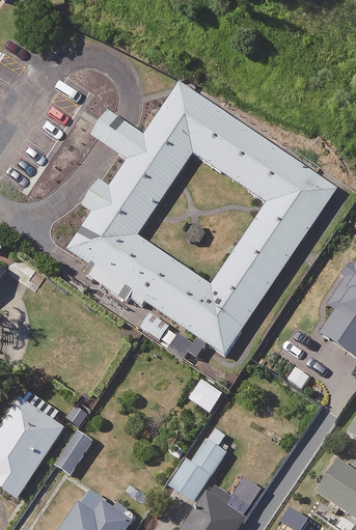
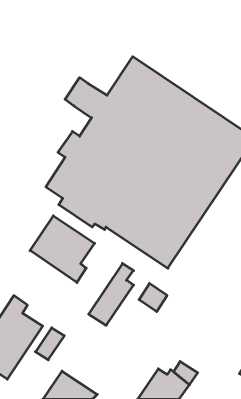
building: none -> [30,216,95,283]
building: [168,422,226,502] -> [89,263,134,325]

